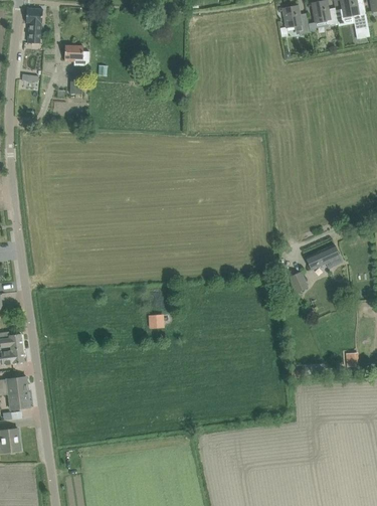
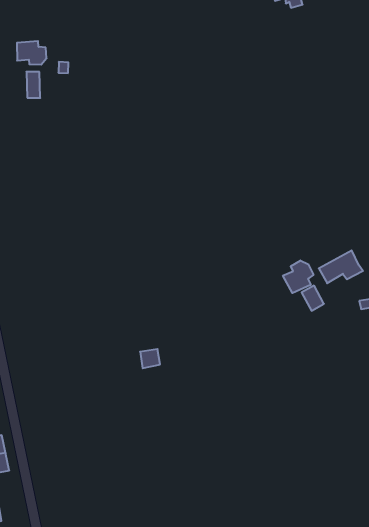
building: none -> [283,260,313,293]

